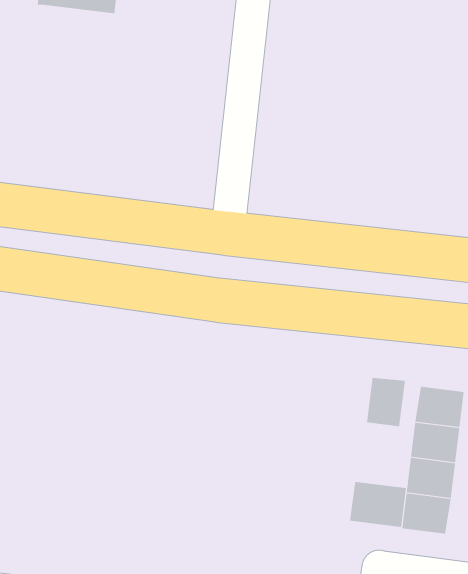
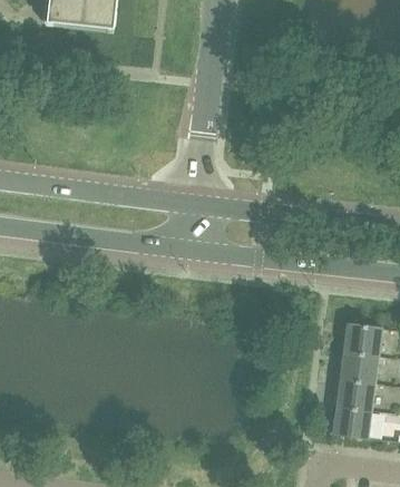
building: [367,377,405,427] -> none
building: [349,481,407,528] -> none

